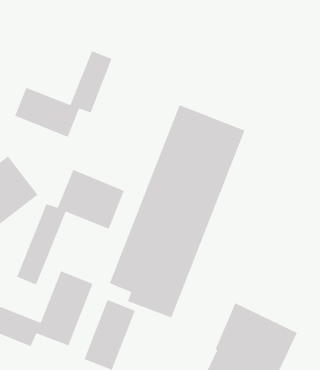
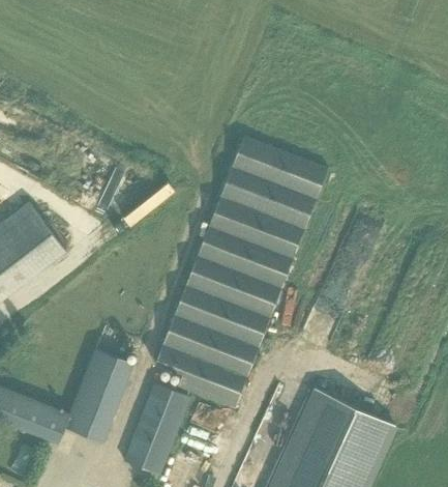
building: [14,50,113,138] -> none
building: [16,169,125,285] -> none

